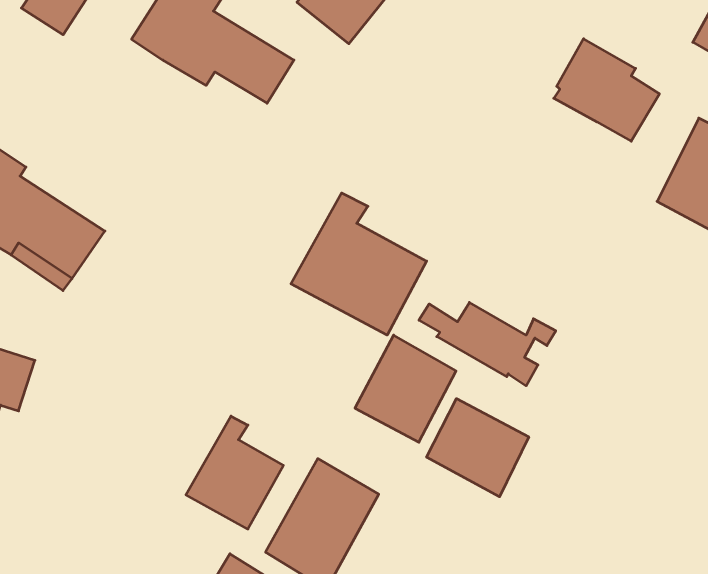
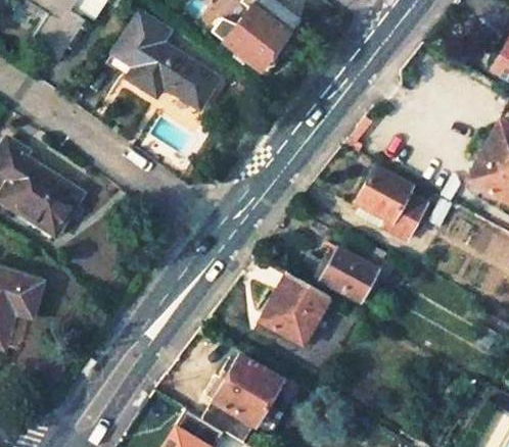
building: [554,39,659,141] -> [354,167,426,238]
building: [291,193,427,335] -> none
building: [427,399,529,497] -> none
building: [186,416,283,529] -> none

